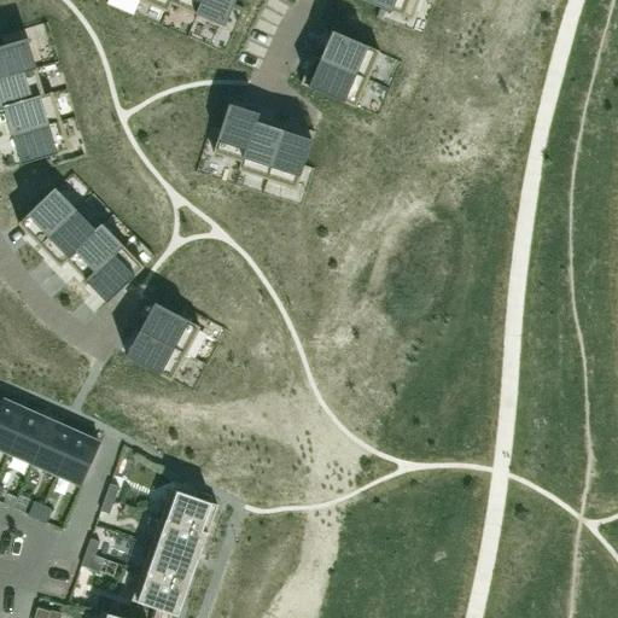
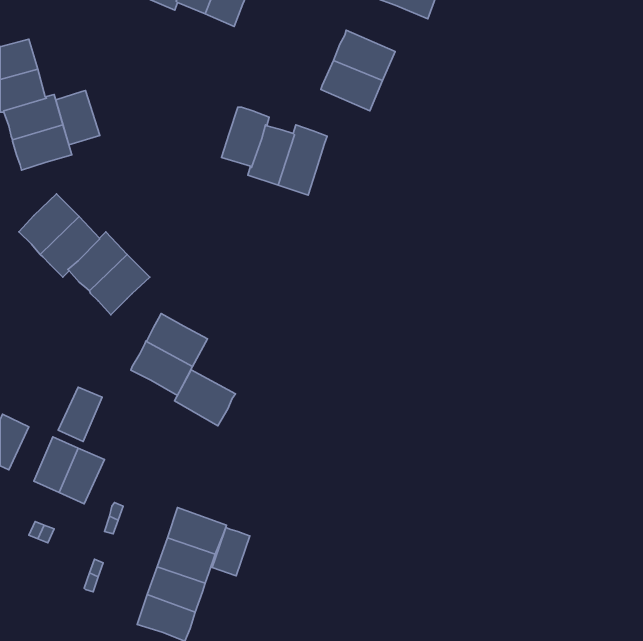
building: none -> [56,91,100,145]
building: none -> [174,370,236,426]
building: [8,409,51,461] -> [58,387,102,441]
building: none -> [212,528,250,576]

